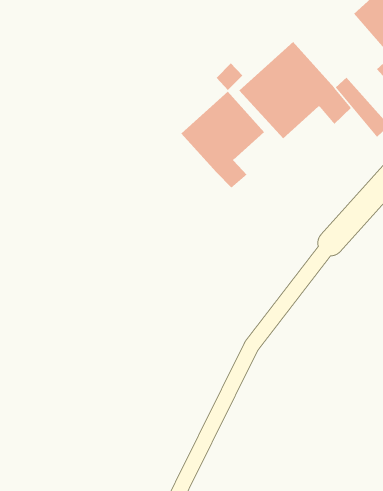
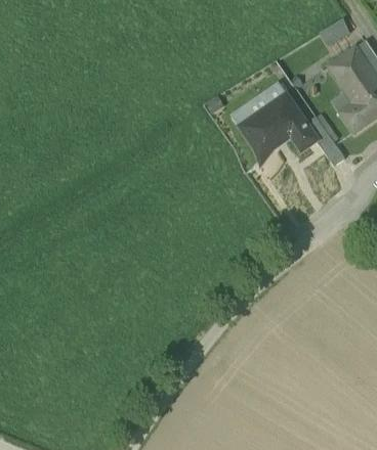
building: [181,91,265,189] -> none

